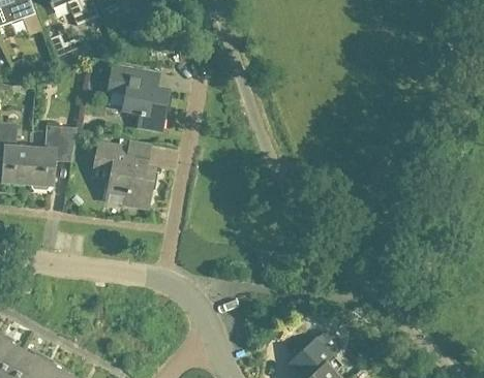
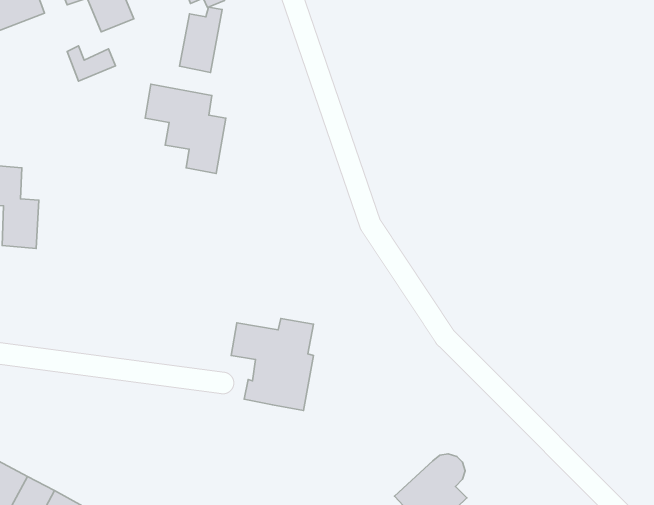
building: none -> [180,7,222,73]
building: [28,126,77,188] -> none
building: [93,138,153,206] -> [231,319,313,411]

